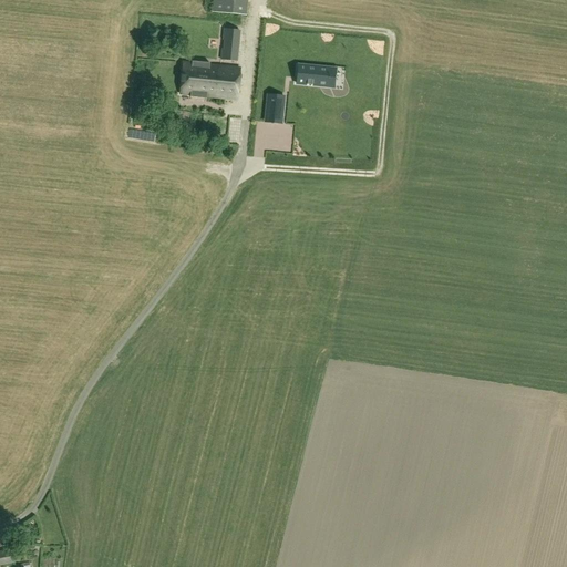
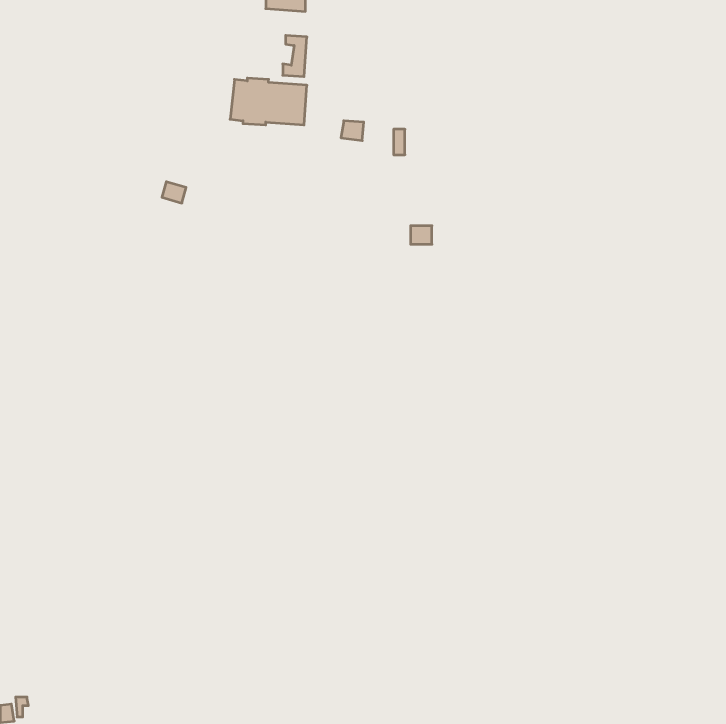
building: [296,65,329,84] -> none

